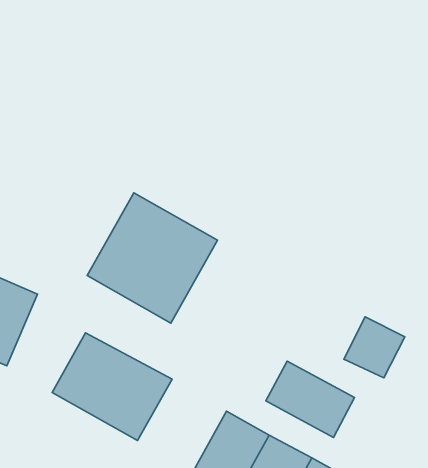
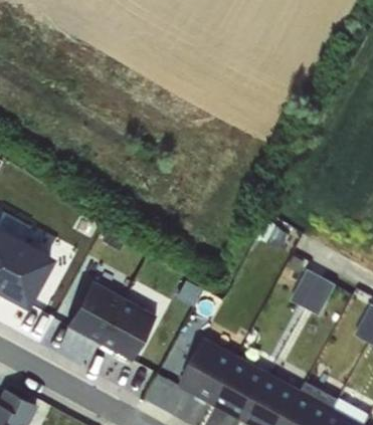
building: [87,193,218,323] -> none
building: [266,361,355,437] -> none

